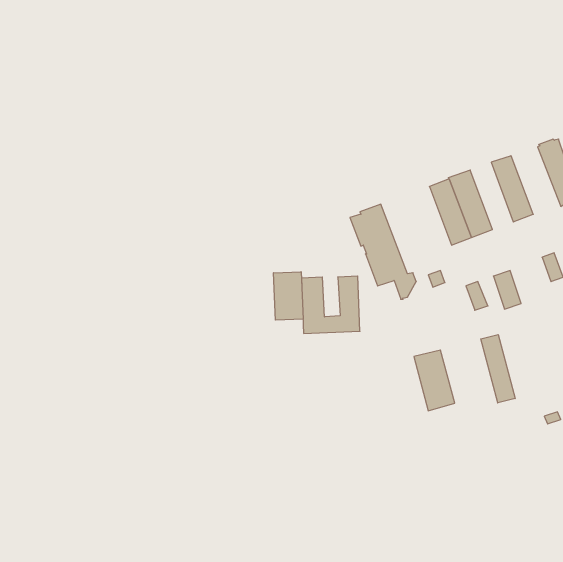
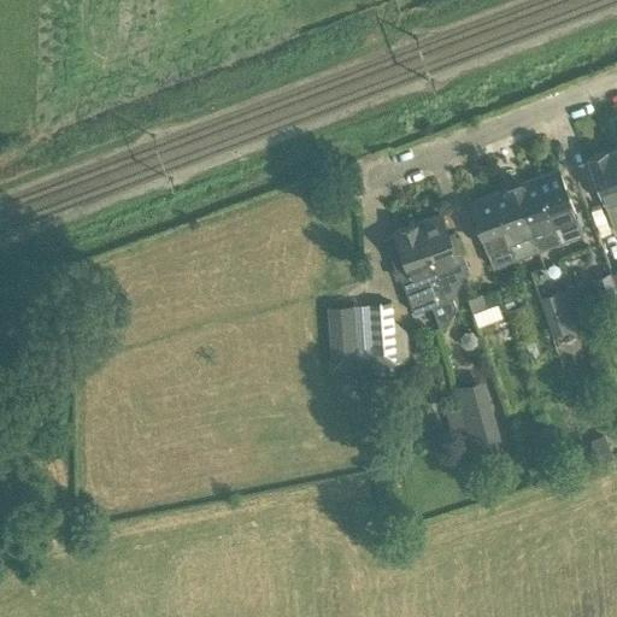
building: none -> [515,180,562,253]
building: none -> [417,216,468,301]
building: [274,272,303,320] -> none
building: [481,335,515,403] -> none

